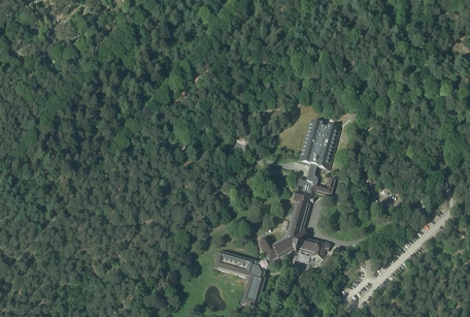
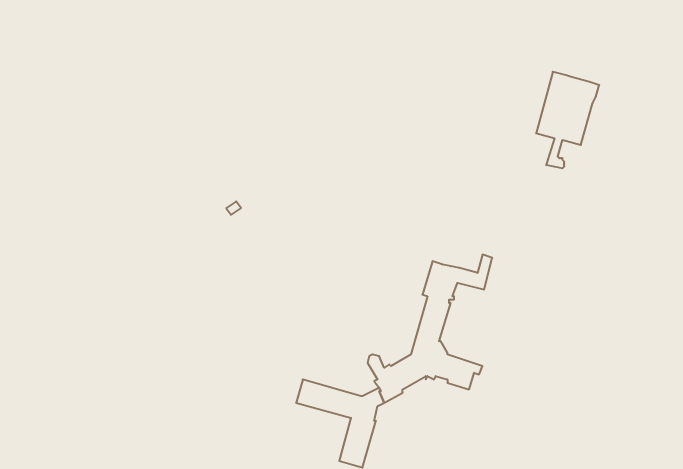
building: [299,122,338,182] -> [536,72,599,168]

